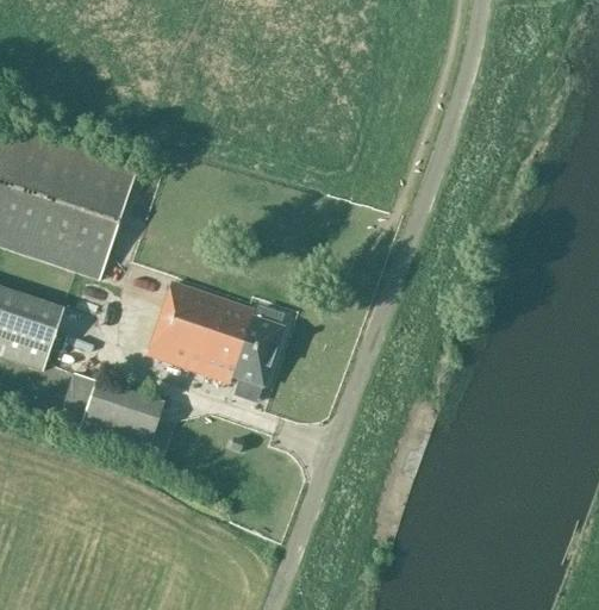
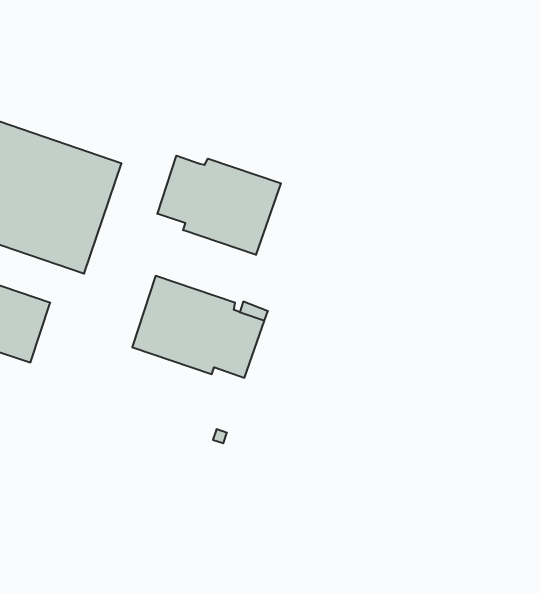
building: none -> [157,156,281,255]
building: [55,372,163,456] -> none

